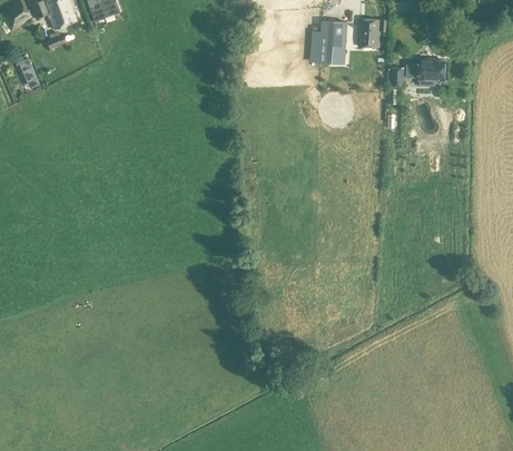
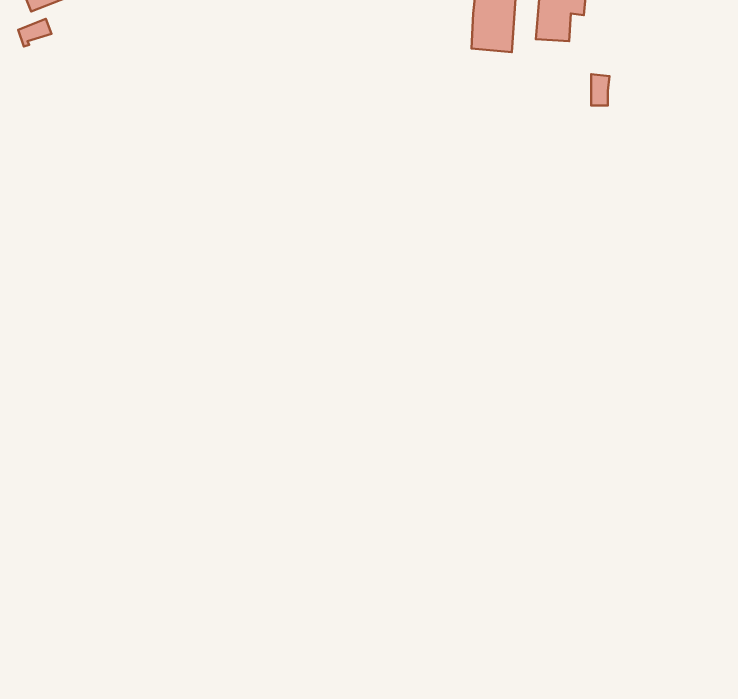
building: [405,60,443,86] -> none

